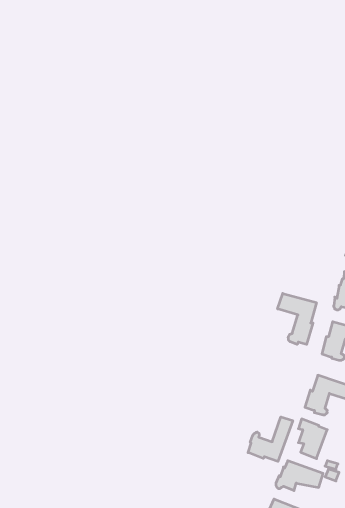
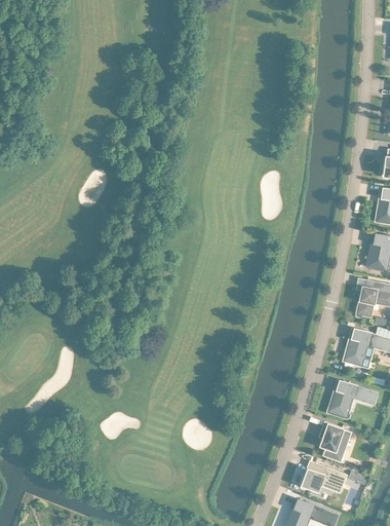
building: [278,293,316,344] -> none
building: [248,417,293,461] -> none

